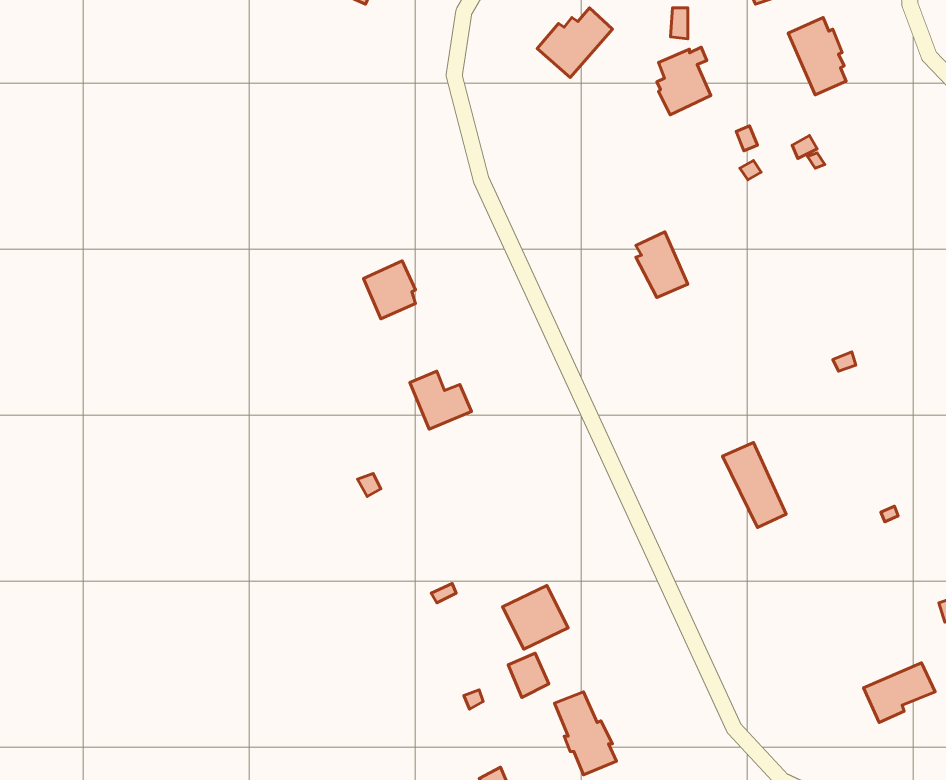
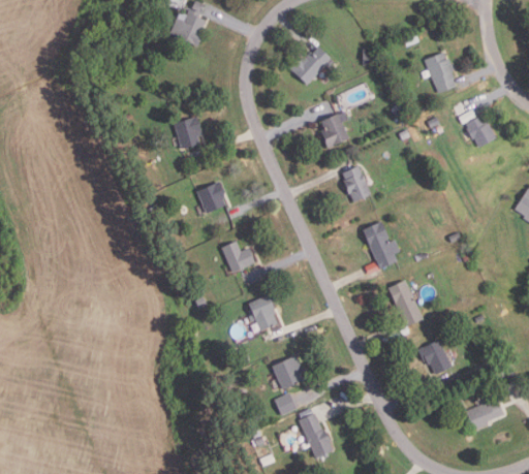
building: [657,47,711,115] -> [320,113,349,149]
building: none -> [466,116,496,148]
building: none -> [174,117,203,150]
building: none -> [363,221,400,268]
building: none -> [248,295,277,333]
building: none -> [417,341,452,376]

